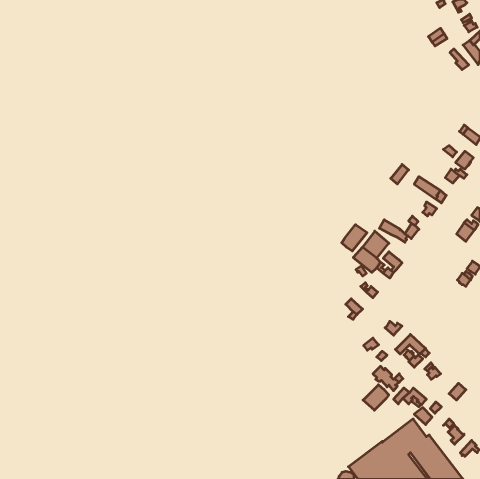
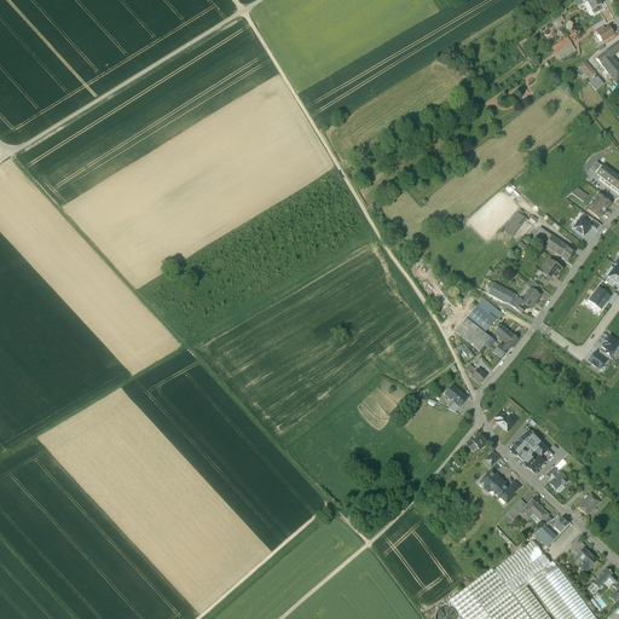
building: [342,225,367,251] -> none
building: [363,385,389,410] -> none

